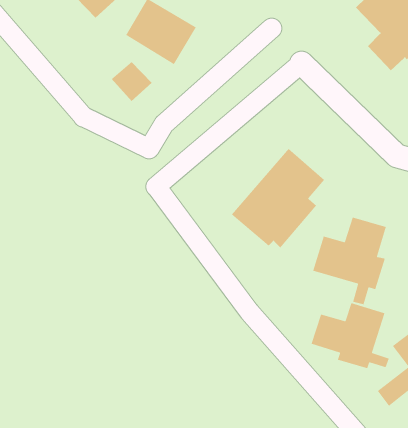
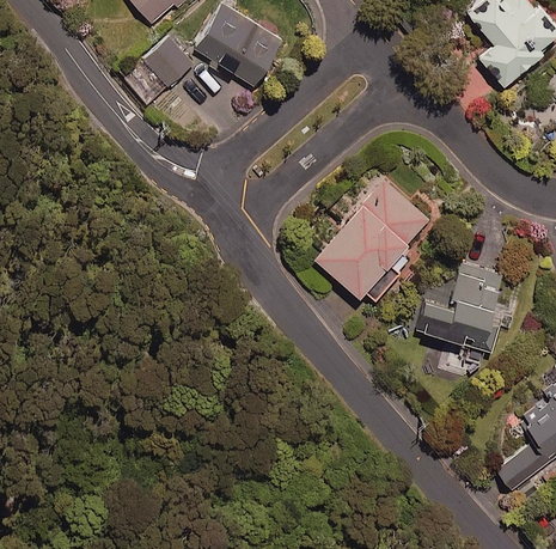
building: [111,61,152,102] -> [142,37,193,86]
building: [310,302,390,369] -> none

